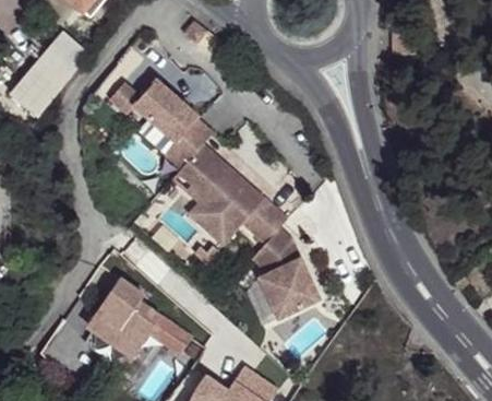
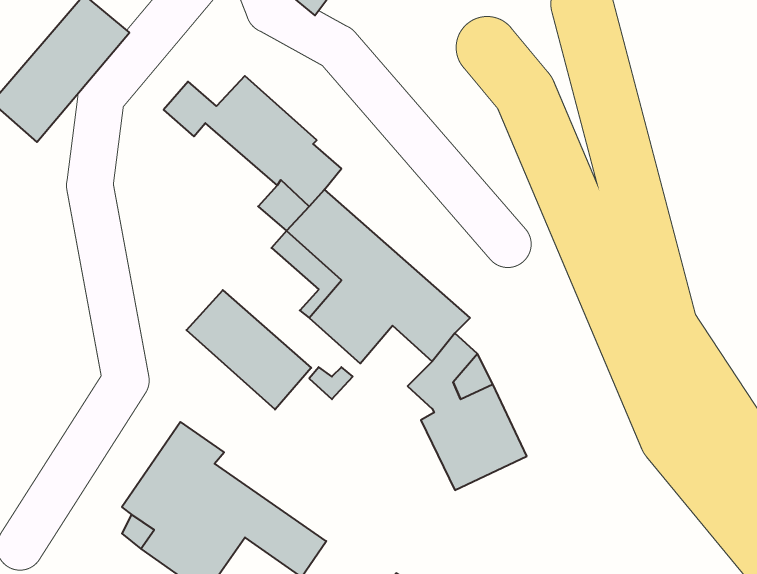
building: none -> [186,290,311,410]

